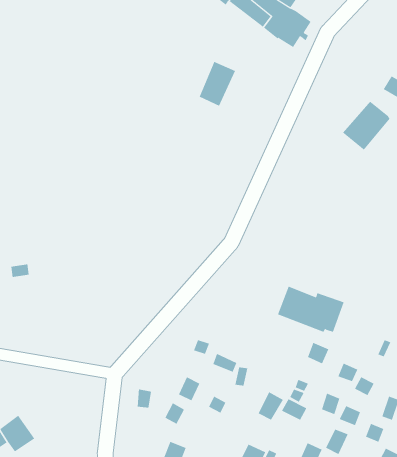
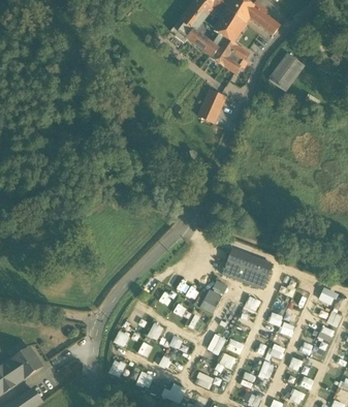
building: [199,61,236,106] -> [197,91,225,125]
building: [342,101,390,150] -> [268,56,305,93]
building: none -> [201,279,228,314]

